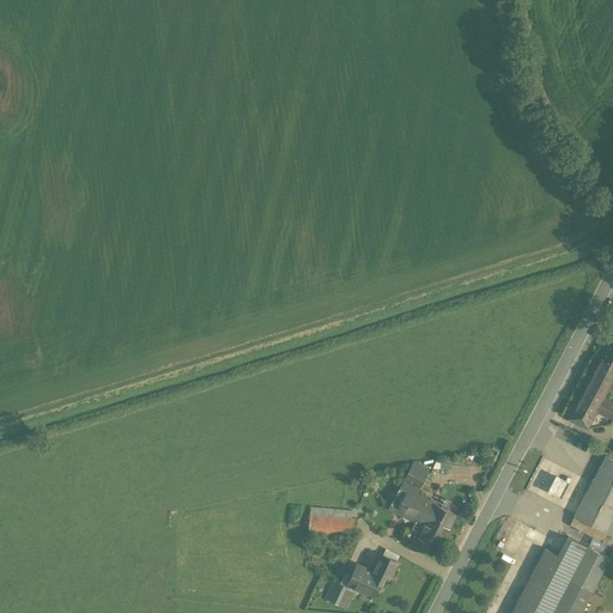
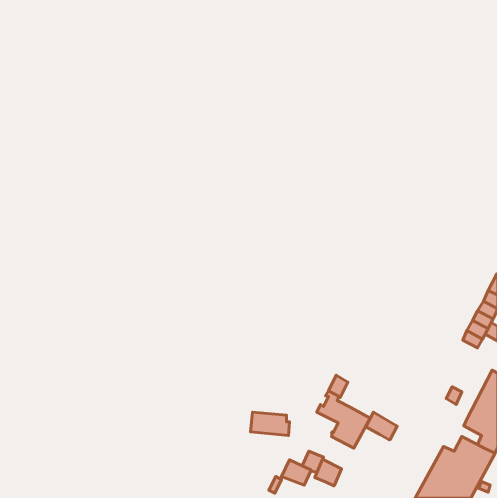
building: none -> [366,412,397,440]
building: none -> [315,459,341,486]

